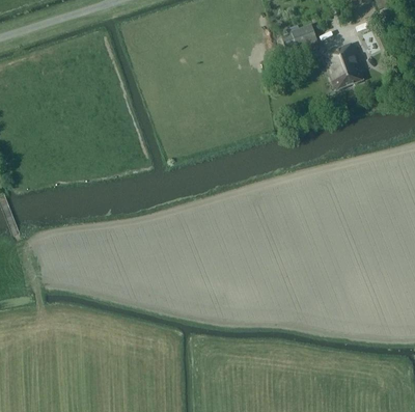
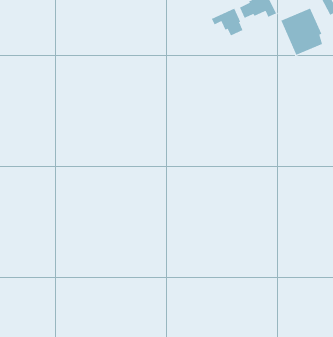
building: none -> [211,8,243,36]

